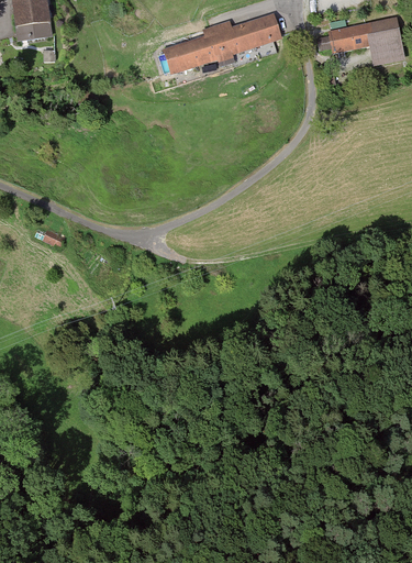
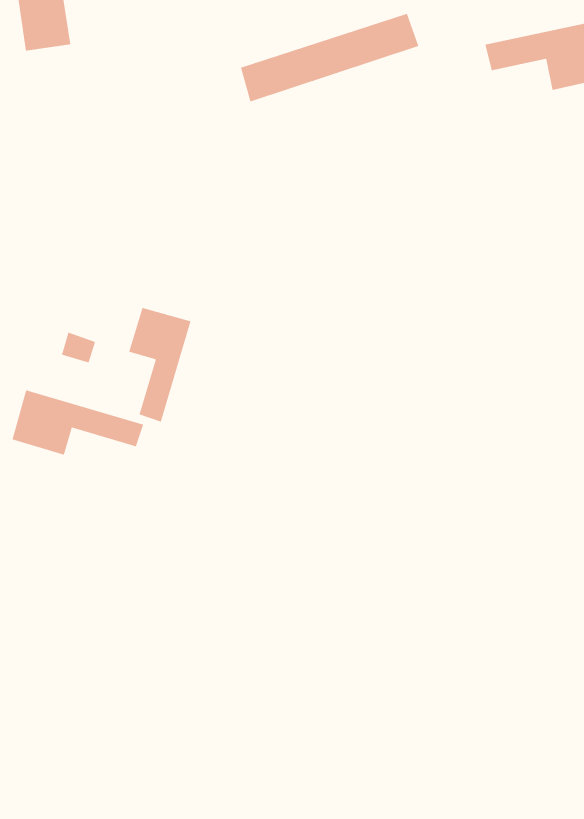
building: none -> [129,307,191,422]
building: none -> [12,389,144,456]

